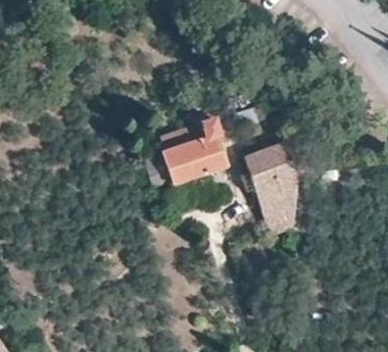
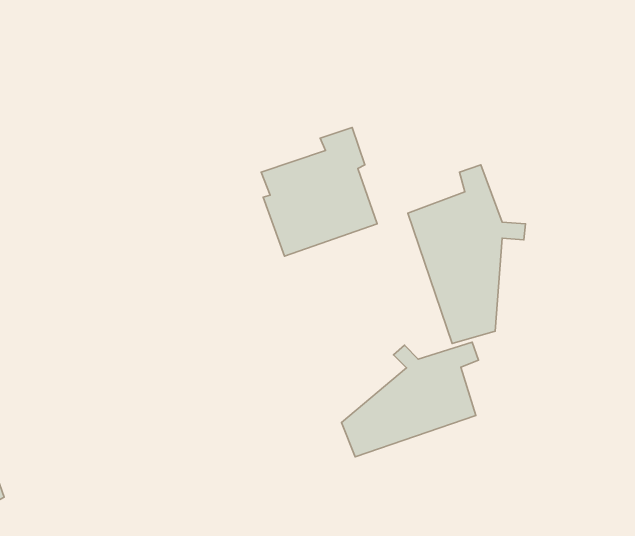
building: none -> [341,342,478,457]

